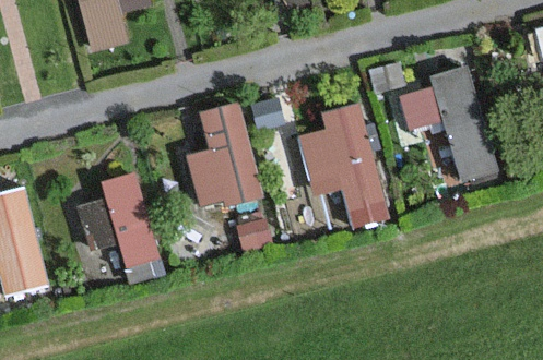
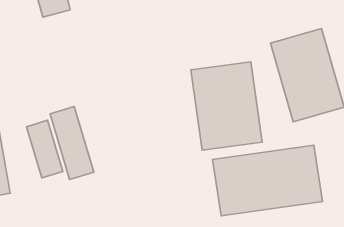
building: [181,99,263,207] -> none
building: none -> [213,145,322,216]

